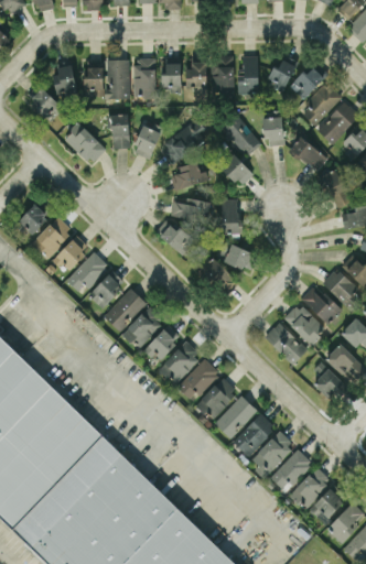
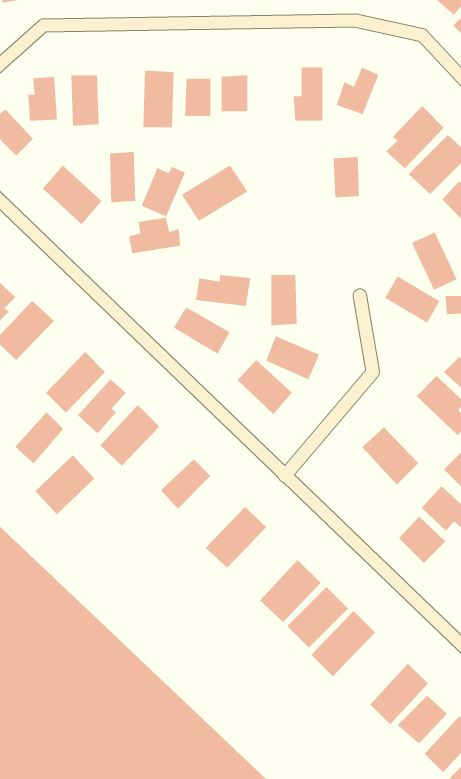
building: [212,55,234,87] -> none
building: [104,58,130,99] -> none
building: [291,65,323,99] -> none
building: [220,113,261,156] -> none
building: [289,137,327,170] -> [384,276,440,323]
building: [219,153,254,186] -> none
building: [171,162,207,187] -> [128,217,181,254]
building: [54,235,88,271] -> [15,412,64,464]
building: [301,288,342,324] -> none
building: [122,306,164,348] -> [34,454,95,515]
building: [265,322,306,365] -> none
building: [159,341,201,384] -> none
building: [196,377,238,419] -> none
building: [270,448,311,491] -> none

